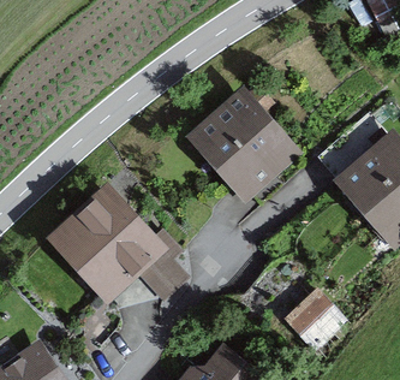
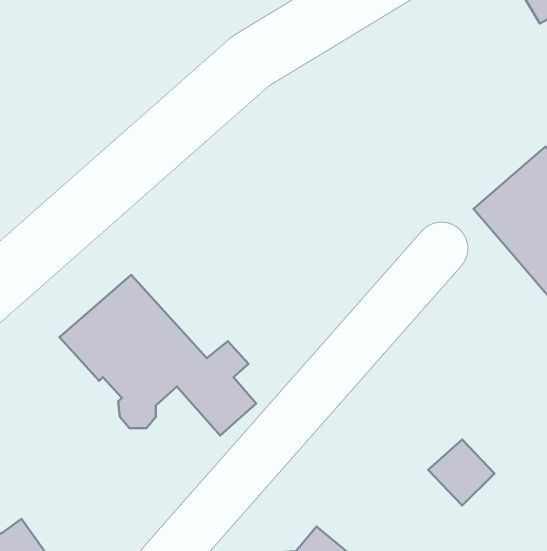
building: [195,87,286,206] -> none

